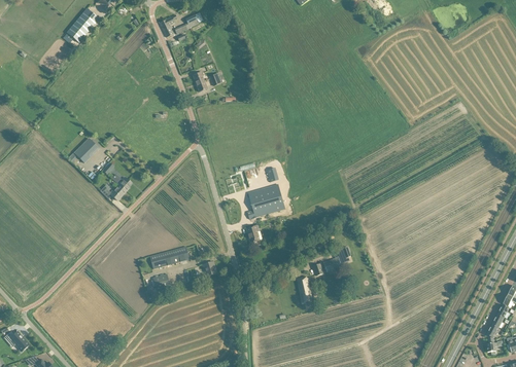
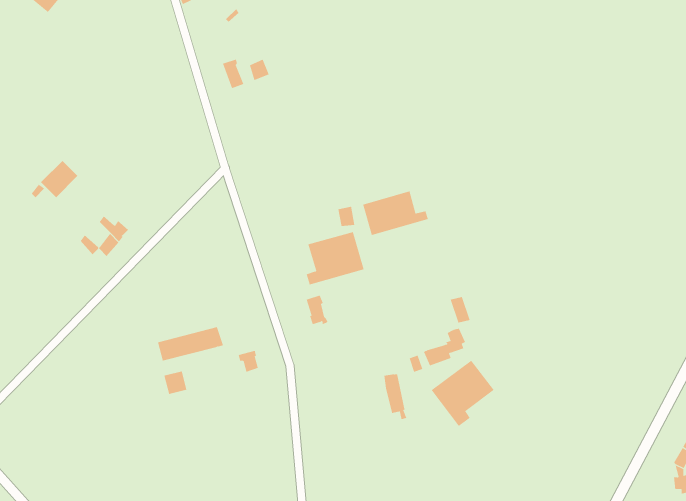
building: none -> [363,190,429,236]
building: none -> [431,360,494,427]

